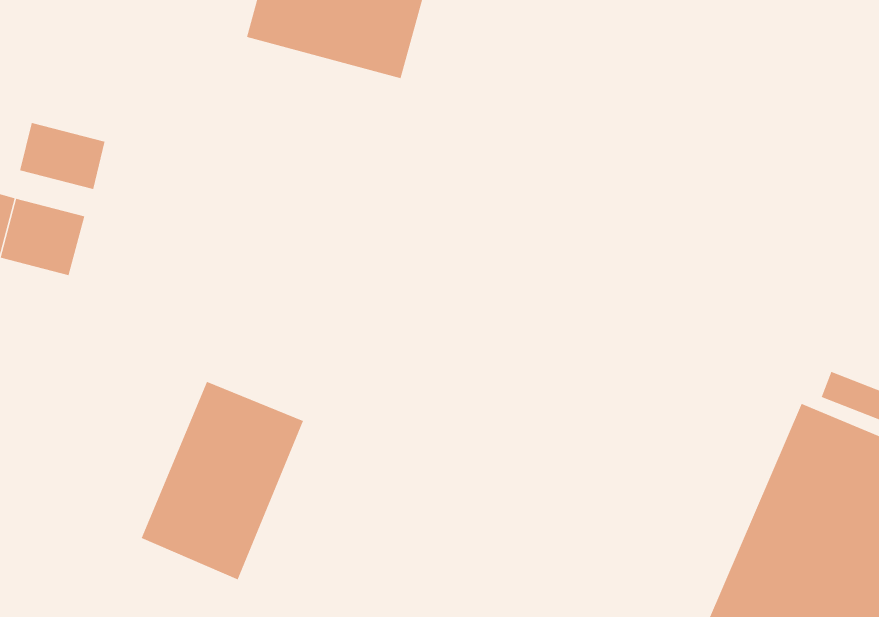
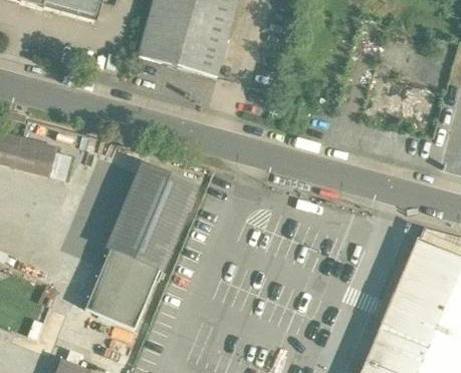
building: [20,122,105,190] -> none
building: none -> [118,166,193,250]

